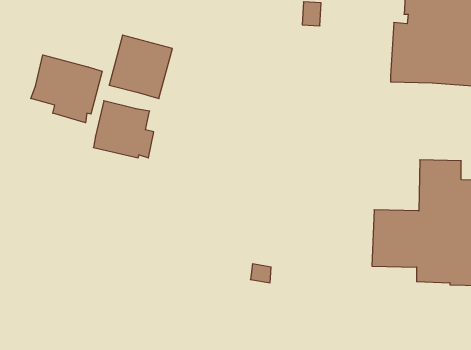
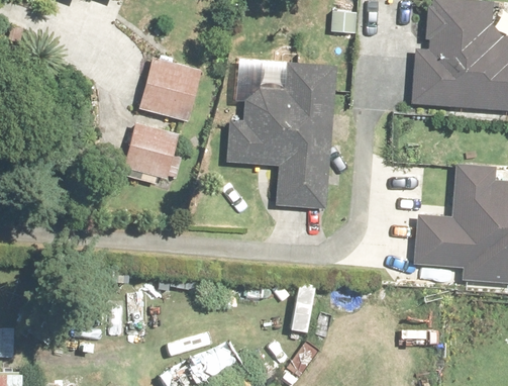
building: none -> [227,61,338,209]
building: [31,55,102,123] -> none

